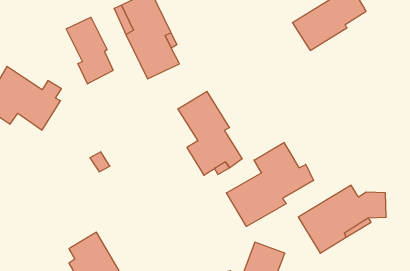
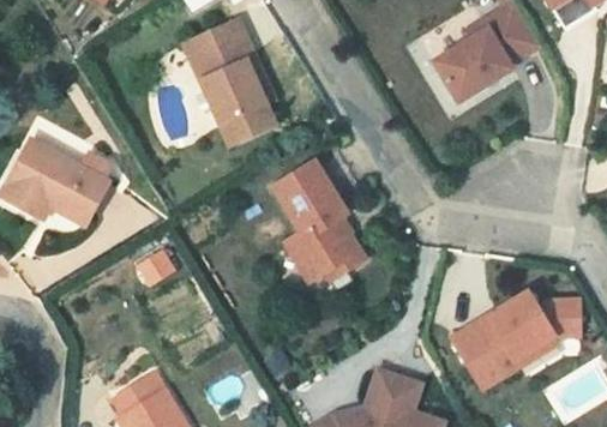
building: [66,17,113,84] -> none
building: [226,142,314,226] -> none

